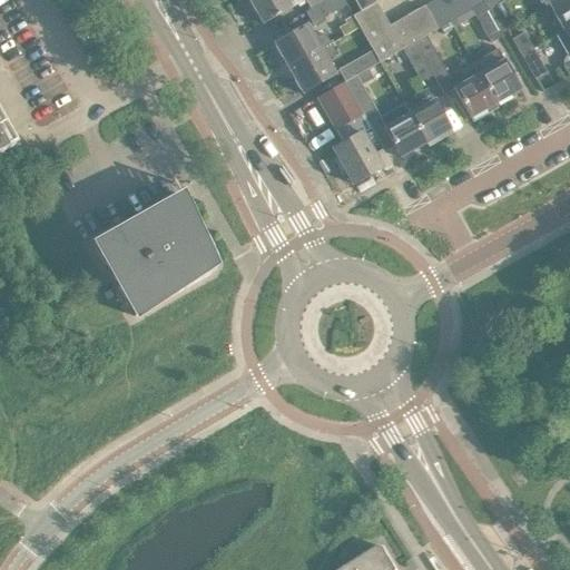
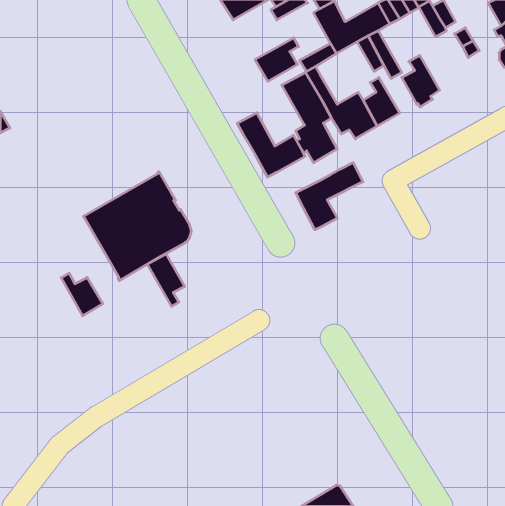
building: [274,22,332,67] -> none
building: [473,48,521,101] -> none
building: none -> [237,113,305,177]
building: none -> [296,163,363,230]
building: none -> [147,254,185,306]
building: none -> [61,273,103,316]

